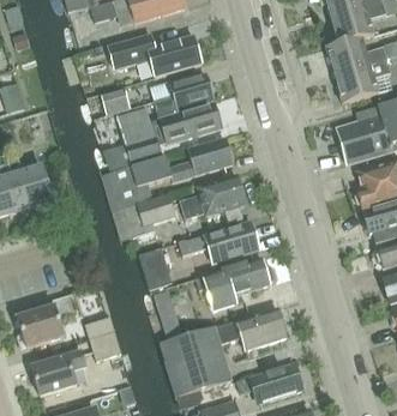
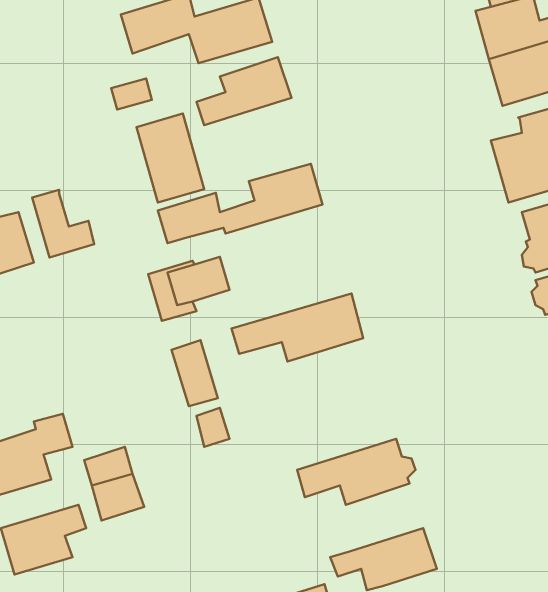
building: [161,104,221,144] -> none
building: [114,165,152,207] -> [32,190,94,258]
building: [180,176,245,223] -> none
building: [196,259,275,311] -> none
building: [161,326,233,397] -> none

